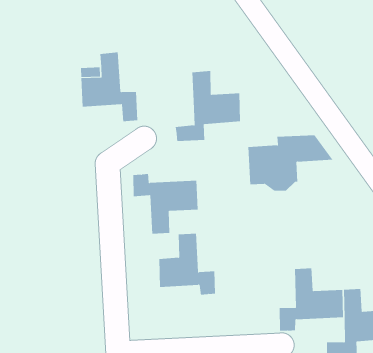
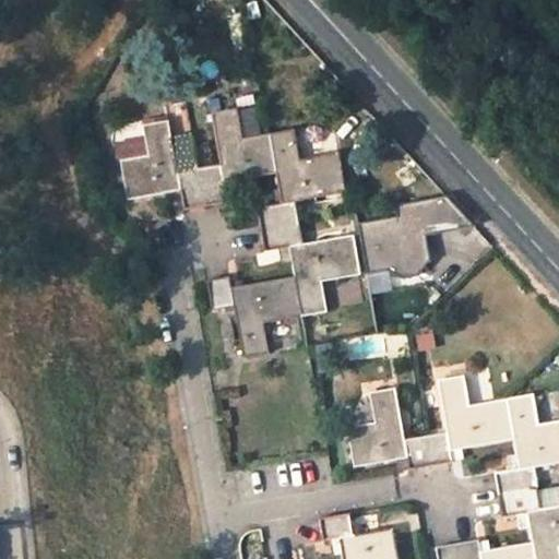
building: none -> [200,106,276,206]
building: none -> [261,222,358,316]
building: [159,233,216,295] -> [347,386,429,468]

